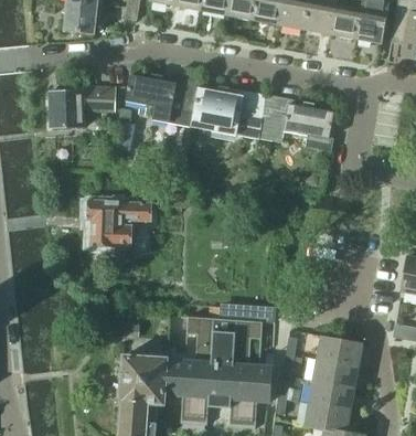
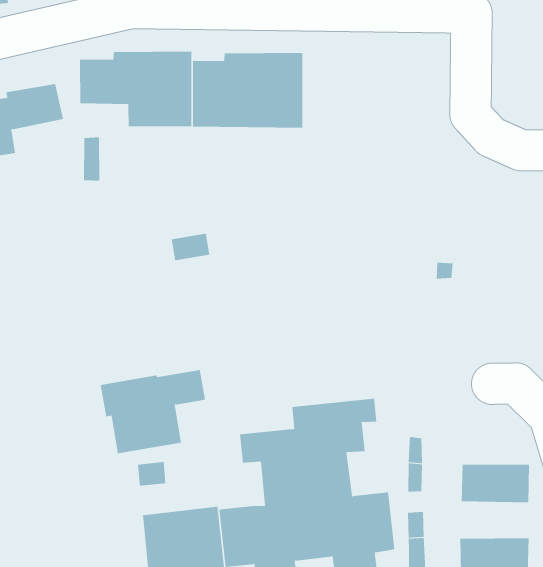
building: [256,94,333,152] -> none
building: [88,201,150,244] -> [100,369,206,454]
building: [317,334,362,363] -> none
building: [308,379,353,407] -> none

